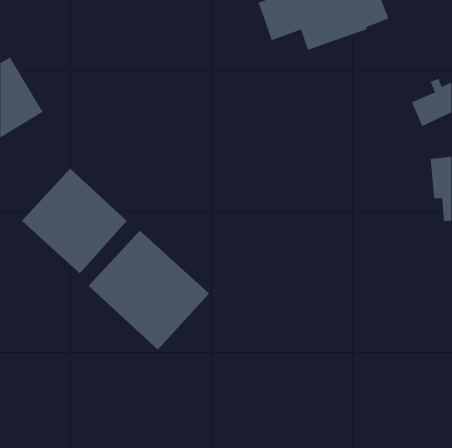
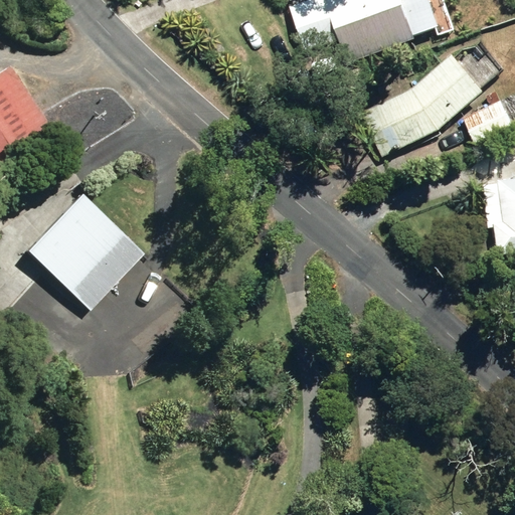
building: none -> [365,53,488,155]
building: [88,230,210,350] -> none

